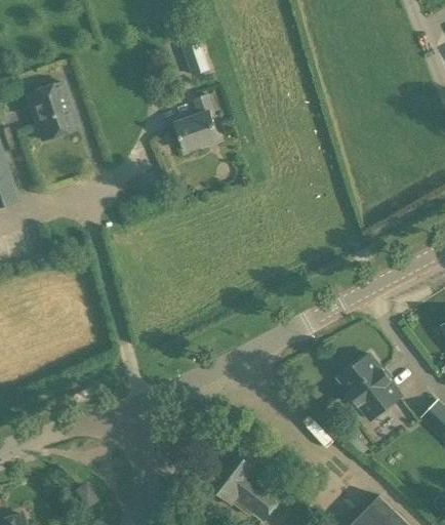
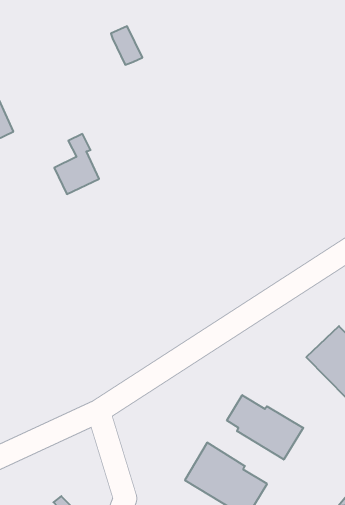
building: [176,94,218,151] -> [54,134,99,194]
building: none -> [227,395,303,460]

